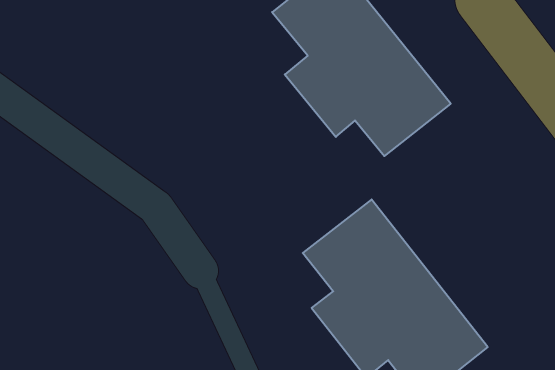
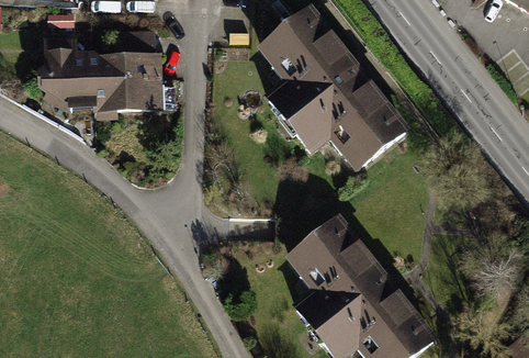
building: none -> [29,48,165,110]

